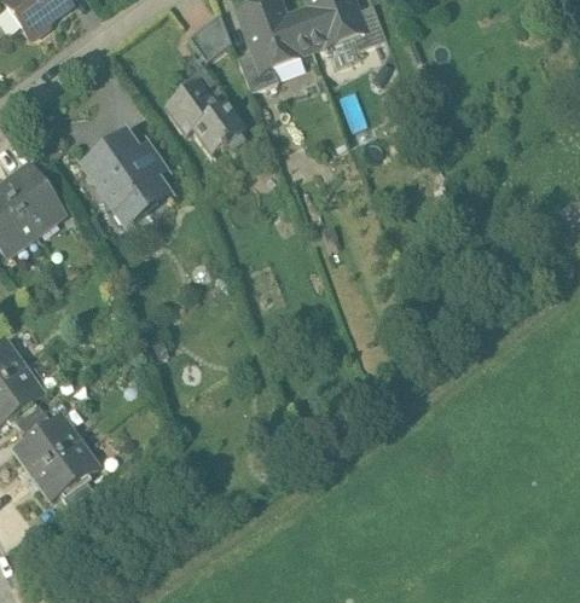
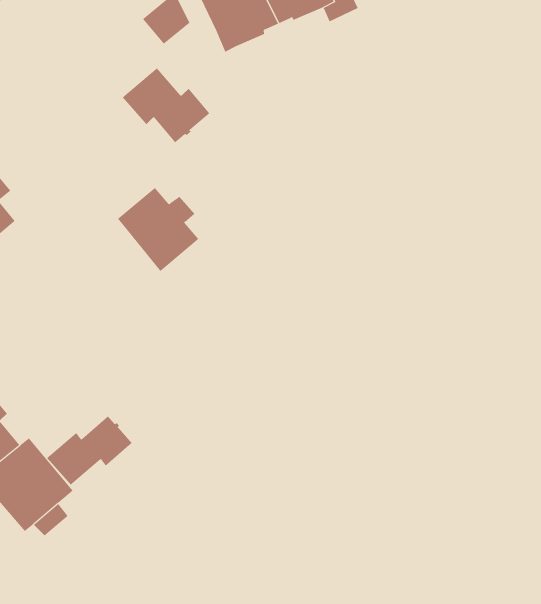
building: [237,52,278,93] -> none
building: [88,140,162,218] -> [117,187,199,272]
building: none -> [46,415,132,486]

